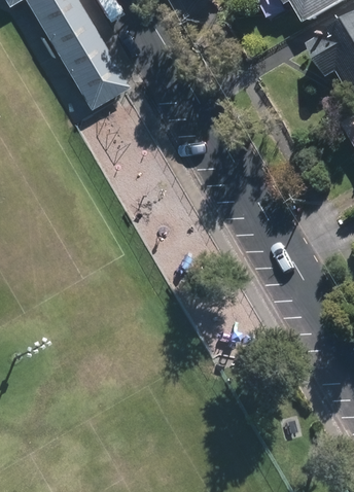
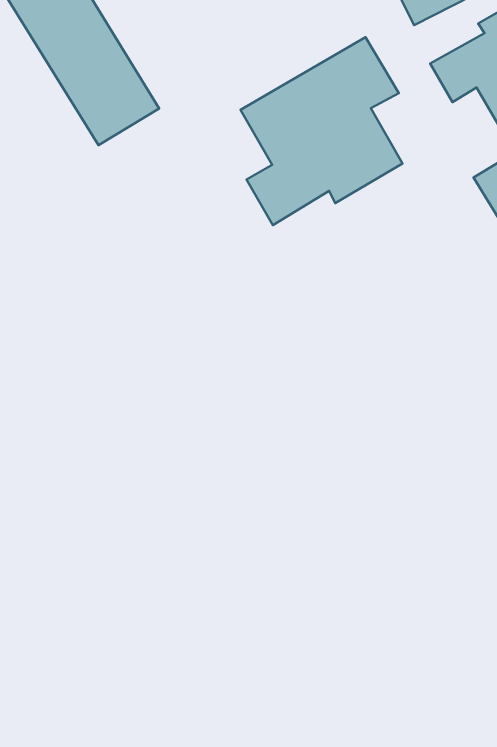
building: none -> [241,37,403,225]

